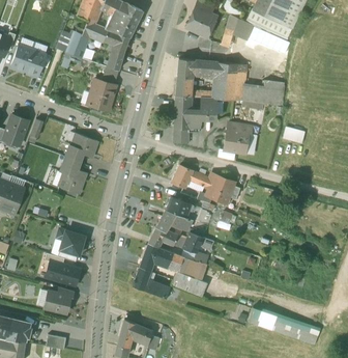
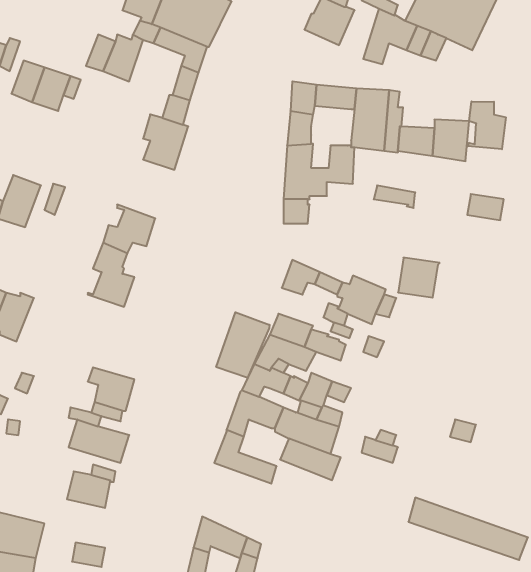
building: none -> [468,101,506,149]
building: [223,129,248,153] -> [398,258,440,298]
building: none -> [216,312,270,378]

